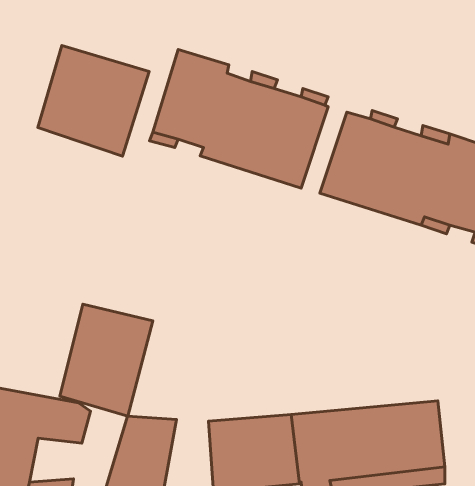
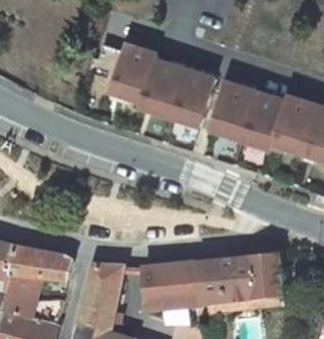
building: [38,46,149,156] -> none
building: [60,304,153,416] -> none

